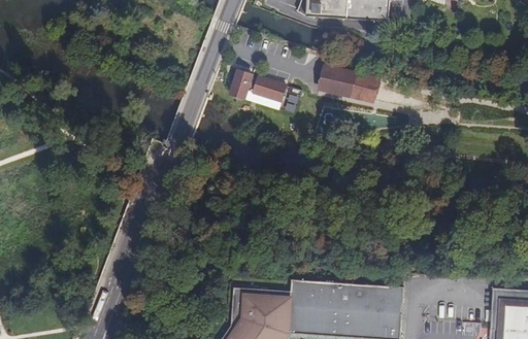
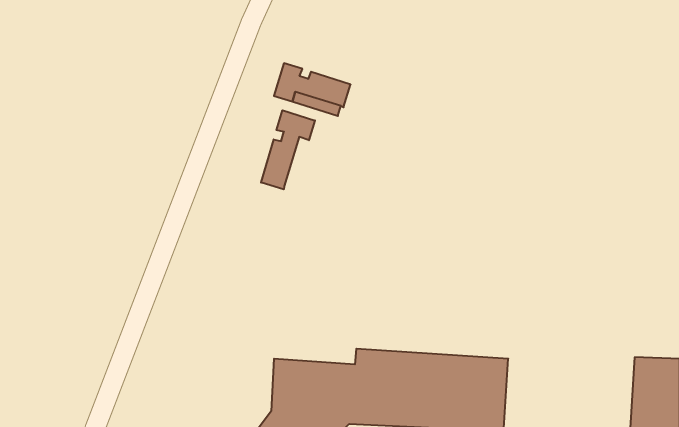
building: [317,62,380,101] -> none
building: none -> [261,110,315,189]

